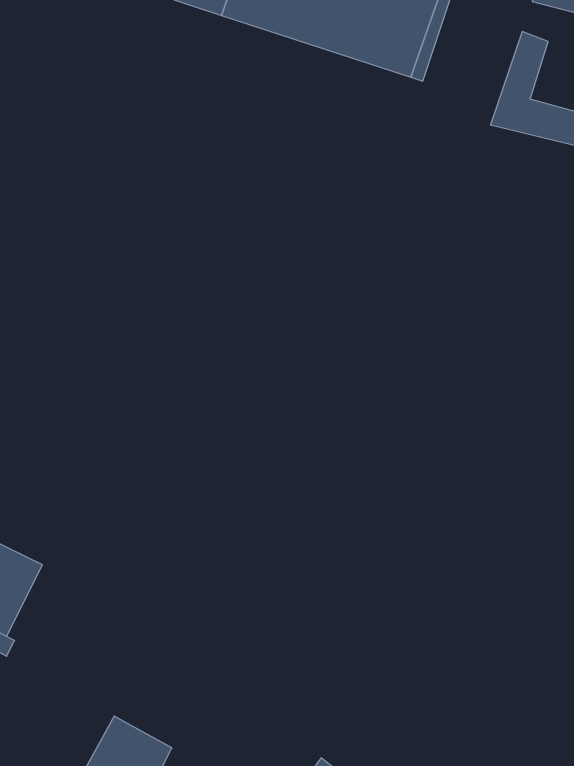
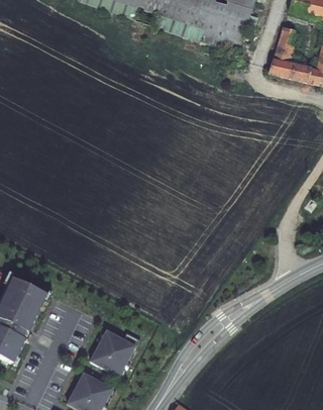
building: none -> [87,327,138,374]

